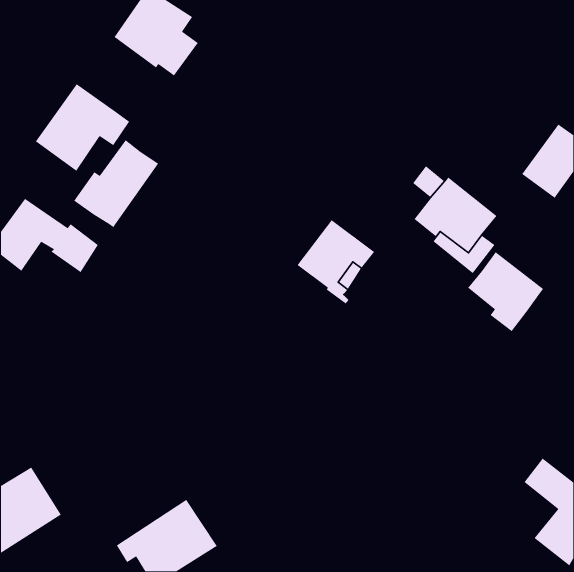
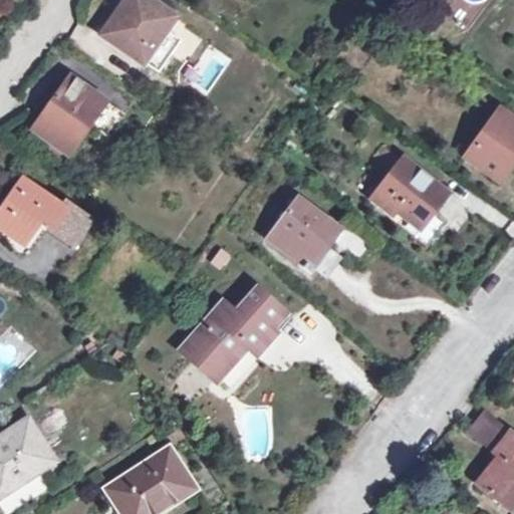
building: [73,139,159,228] -> none
building: [467,251,544,332] -> none
building: none -> [182,287,286,378]

